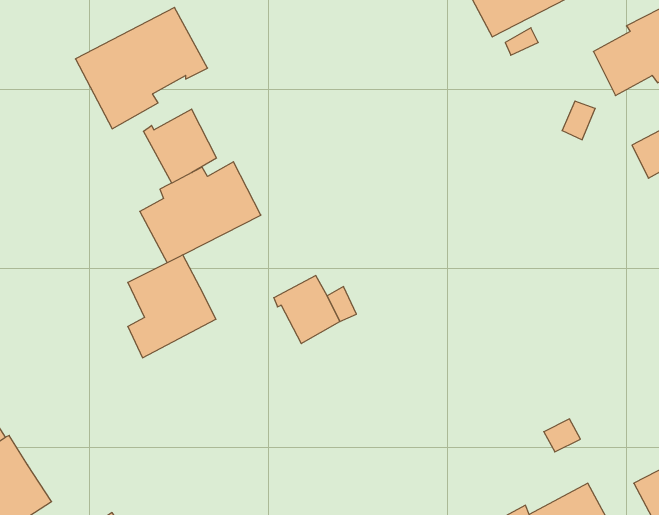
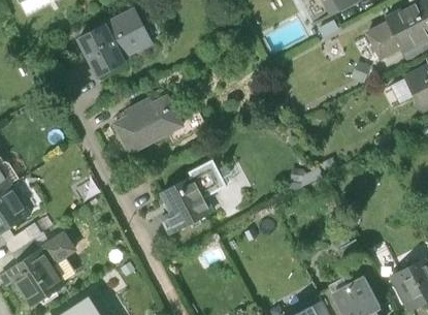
building: [143,109,216,183] -> none
building: [128,255,216,358] -> [161,176,210,233]
building: none -> [39,233,73,265]

